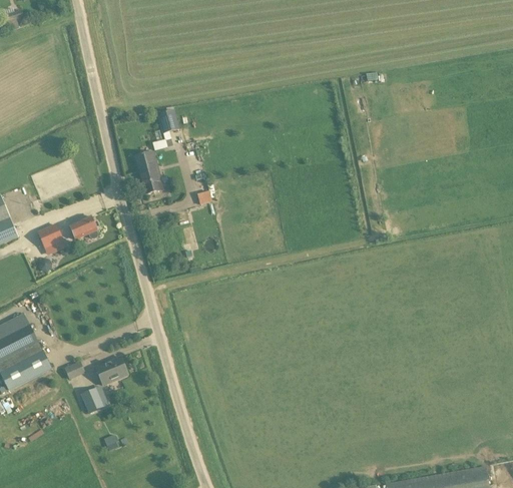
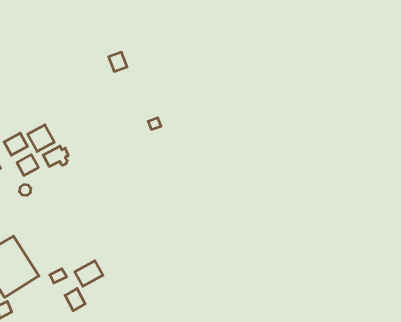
building: [134,150,160,193] -> none
building: none -> [28,125,54,152]
building: none -> [4,133,28,155]

